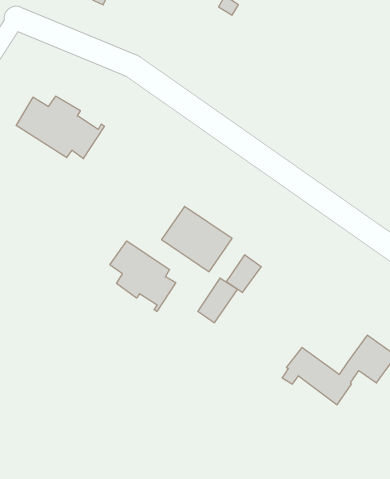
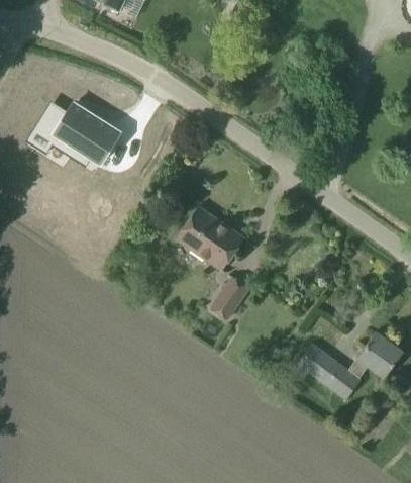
building: [110,241,176,311] -> none
building: [226,255,261,293] -> none

